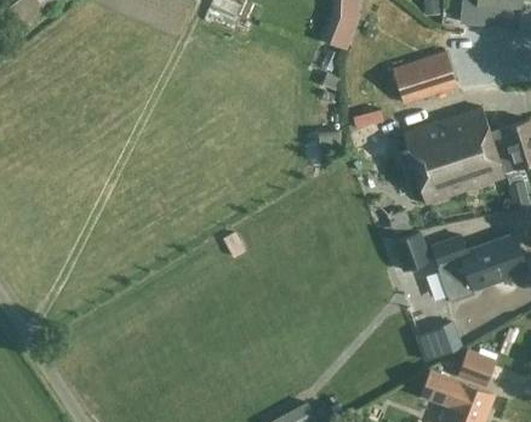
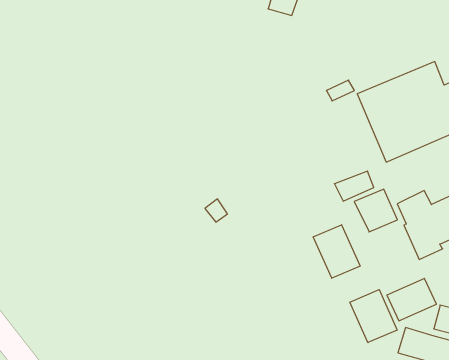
building: [394,52,456,103] -> none
building: none -> [313,225,360,278]
building: none -> [350,290,397,343]

